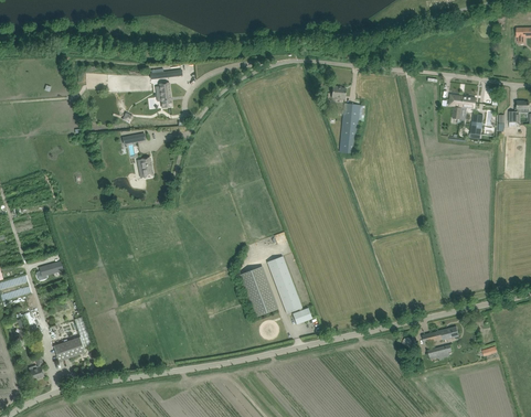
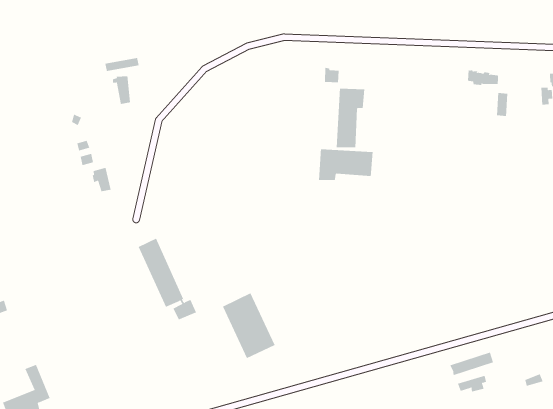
building: none -> [318,149,373,181]
building: [266,256,311,324] -> [138,238,197,320]

